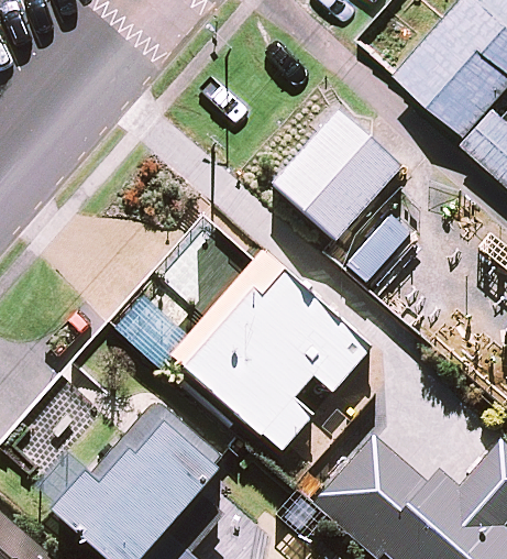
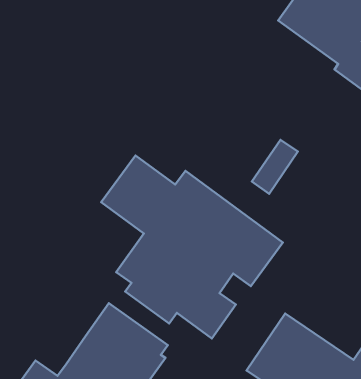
building: [273,110,404,242] -> none

